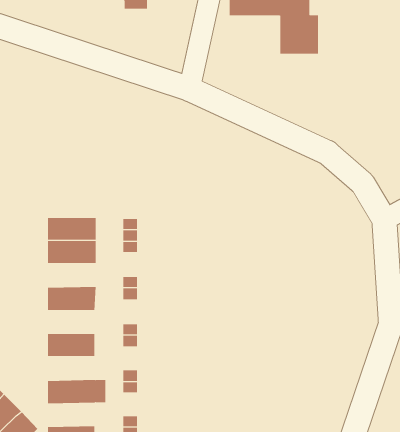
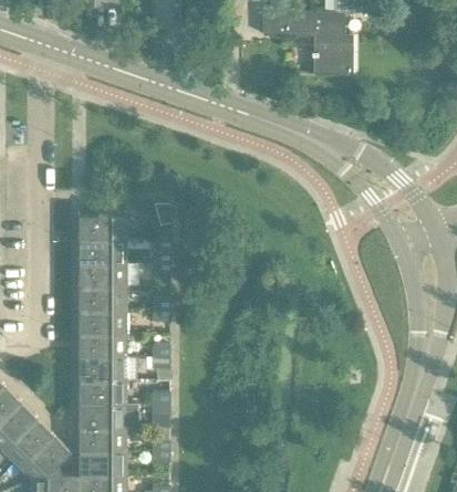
building: none -> [77,208,127,238]
building: none -> [77,284,127,308]
building: none -> [77,332,126,355]
building: none -> [77,378,126,402]
building: none -> [77,425,126,449]

